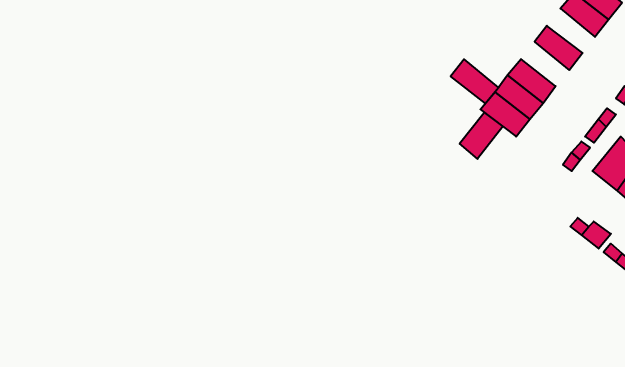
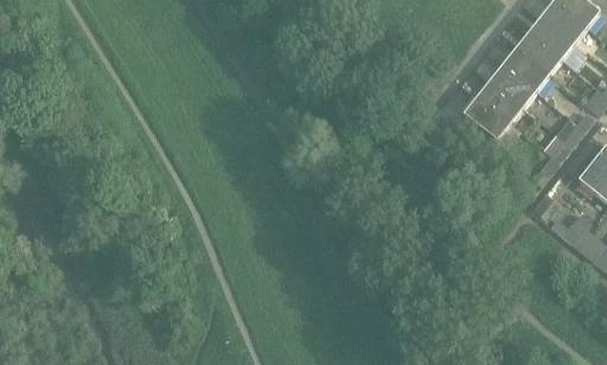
building: none -> [529,14,575,57]
building: [451,59,499,104] -> [504,46,550,89]
building: [460,113,503,159] -> none

